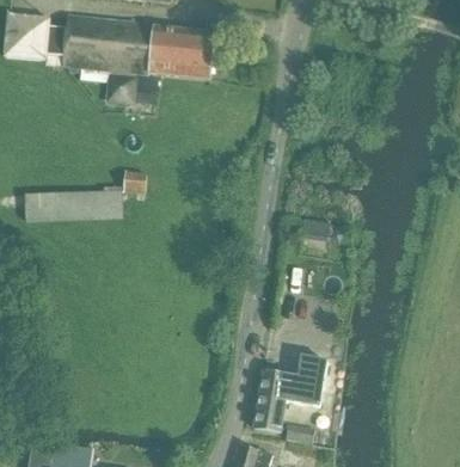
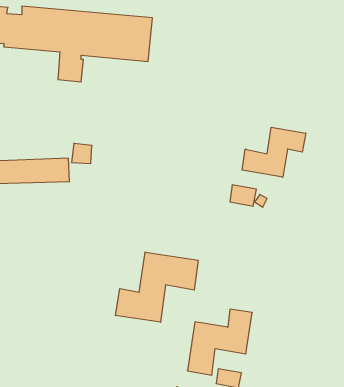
building: none -> [242,127,306,177]
building: none -> [116,252,198,322]

